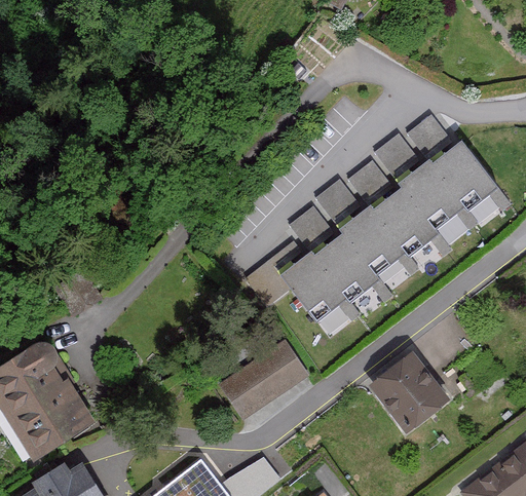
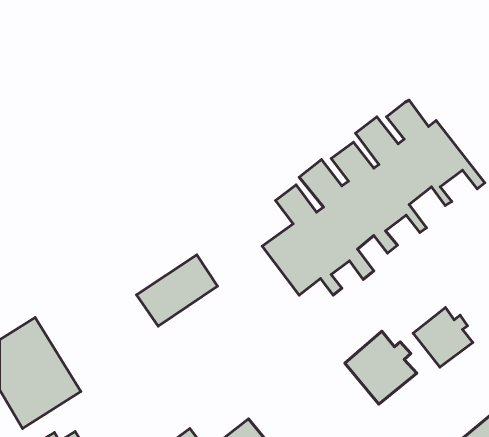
building: none -> [413,307,473,367]
building: [220,345,305,420] -> [137,255,217,326]

